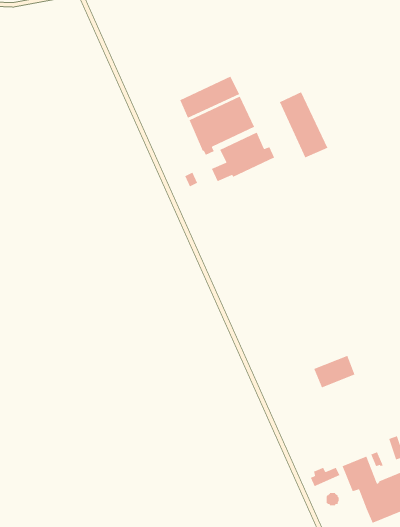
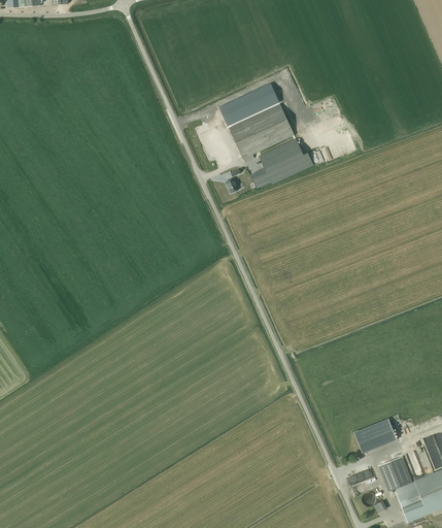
building: [279,91,328,158] -> none
building: [313,355,355,389] -> [354,419,396,452]

